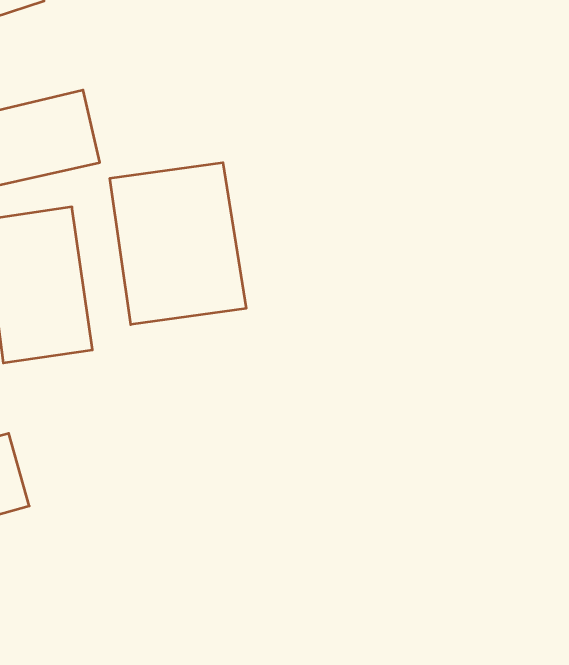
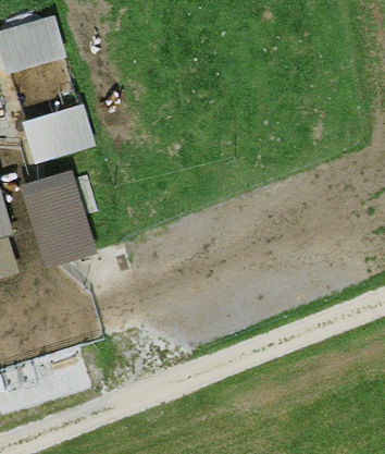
building: [110,163,246,325] -> none

